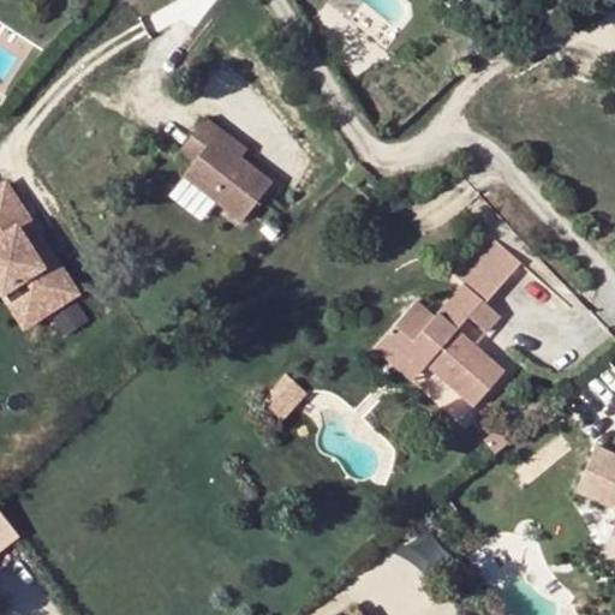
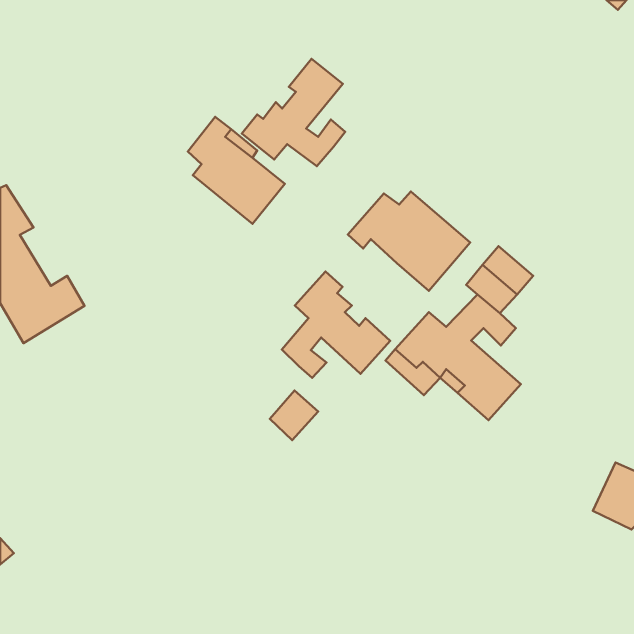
building: none -> [242,59,345,166]
building: none -> [348,191,470,291]
building: none -> [282,271,390,378]

